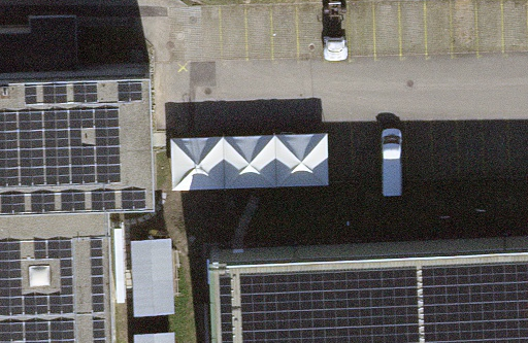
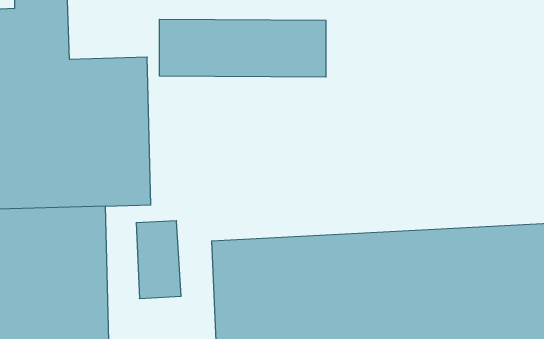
building: [182,128,334,180] -> [159,19,326,77]

